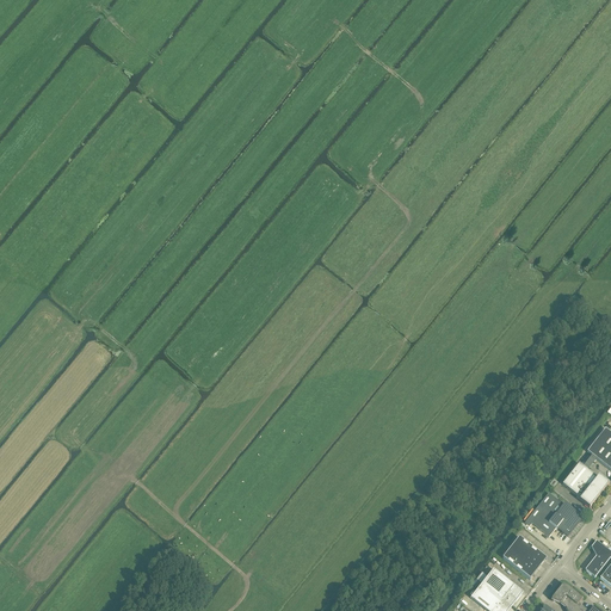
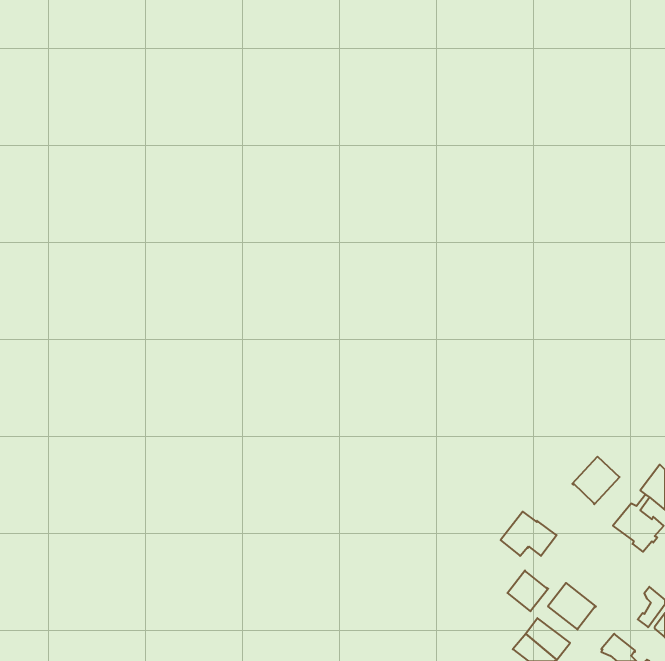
building: none -> [572,457,620,504]
building: [531,494,582,535] -> [501,512,557,556]
building: none -> [507,570,548,611]

